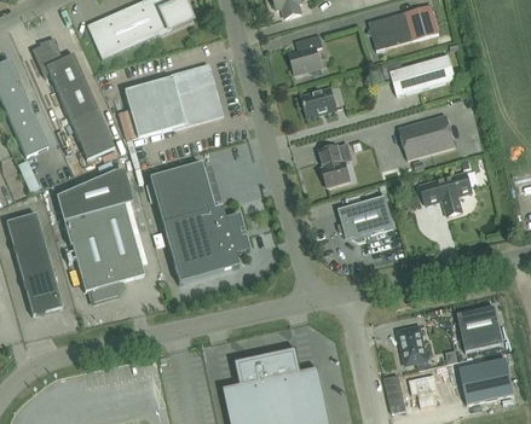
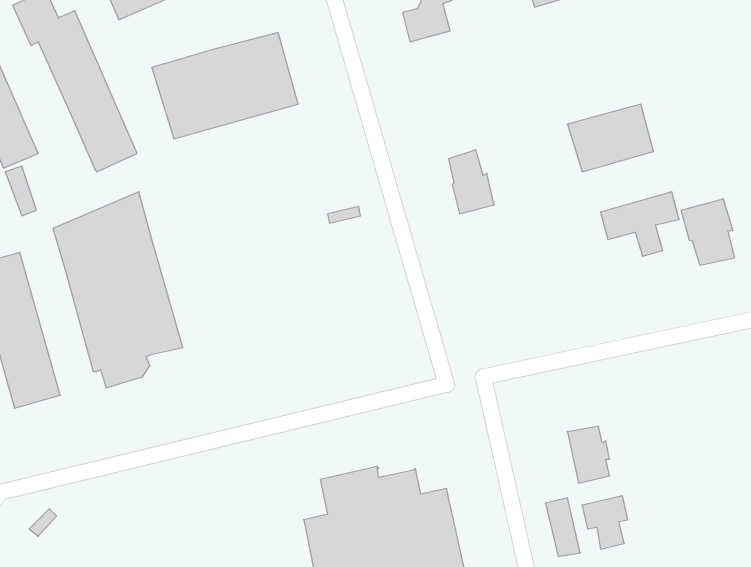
building: [389,54,455,94] -> none
building: [301,87,336,116] -> none
building: [149,162,249,281] -> none
building: none -> [681,199,734,265]
building: [337,194,394,240] -> none
building: [457,306,503,352] -> none
building: [458,358,514,402] -> none

